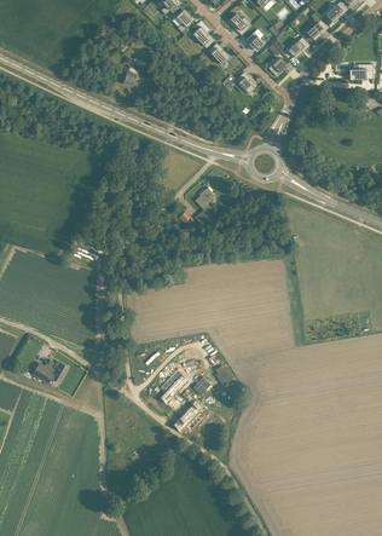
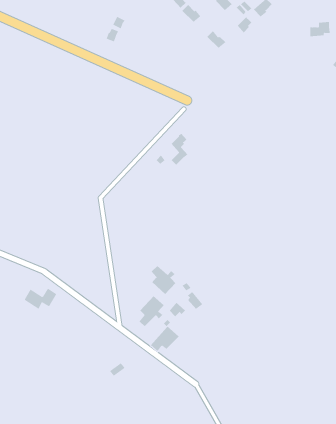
building: none -> [151,265,176,295]

